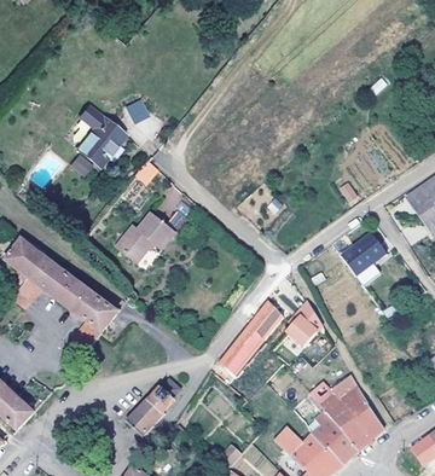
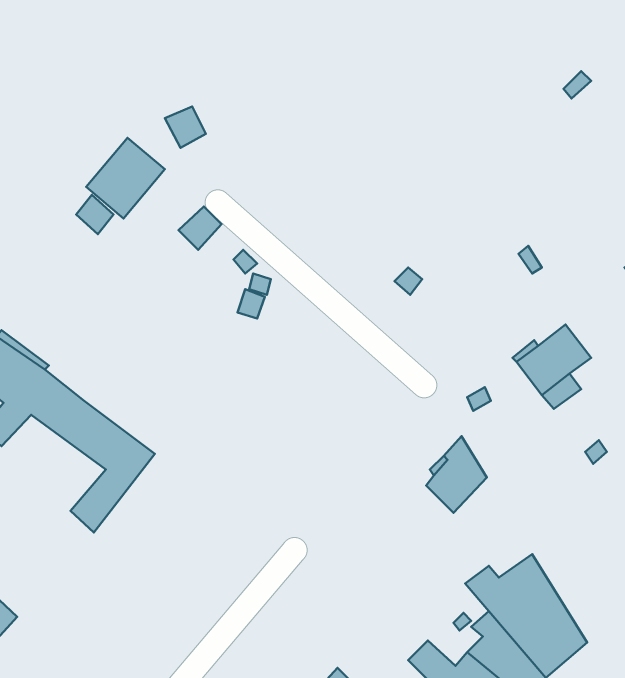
building: [116,213,174,262] -> none
building: [217,302,284,375] -> none
building: [124,378,180,437] -> none

